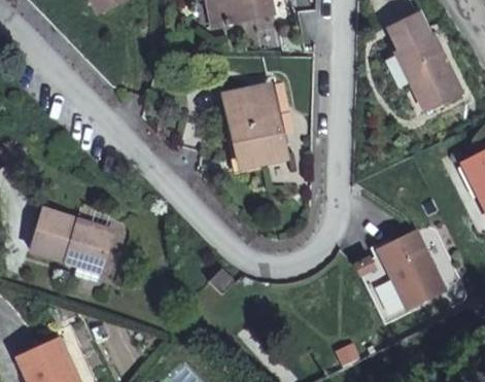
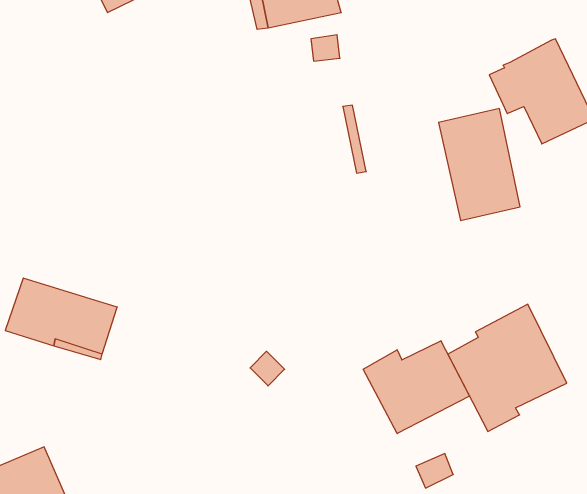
building: [391,10,434,49] -> none
building: [227,83,287,167] -> [439,109,520,221]
building: none -> [363,341,469,434]

